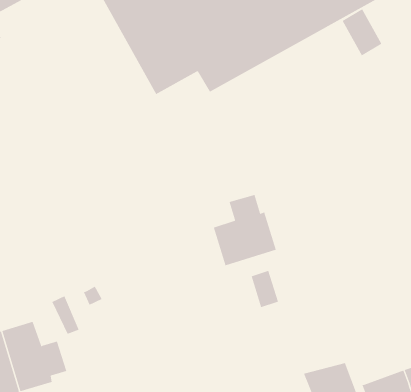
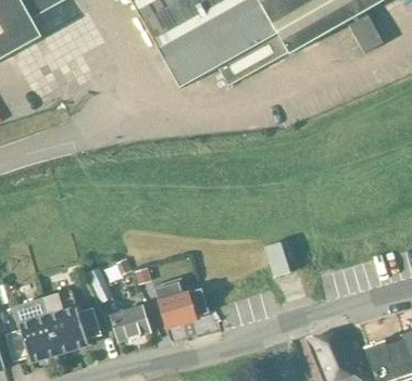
building: [213,194,276,266] -> none
building: none -> [158,290,207,328]
building: none -> [111,306,149,341]

